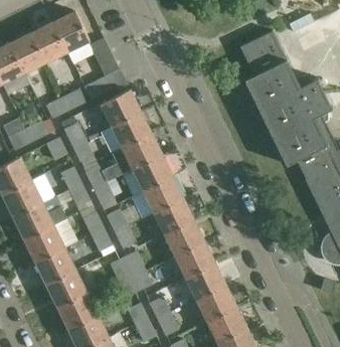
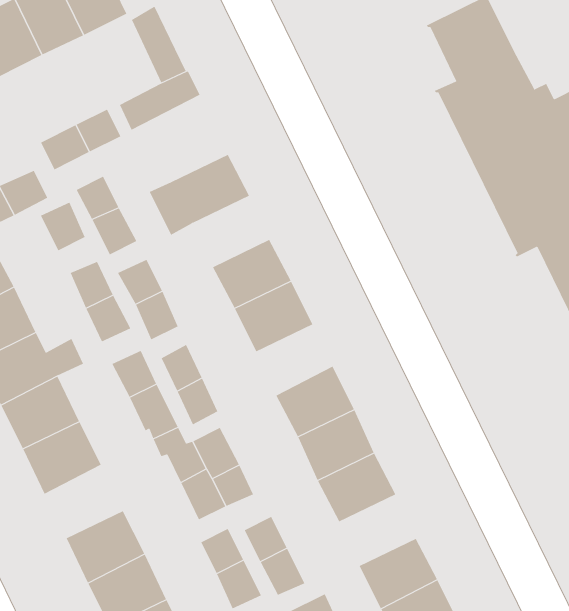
building: [101,91,140,127] -> none
building: [122,134,161,170] -> none
building: [154,199,193,235] -> none
building: [46,271,87,308] -> none
building: [196,286,235,322] -> none

